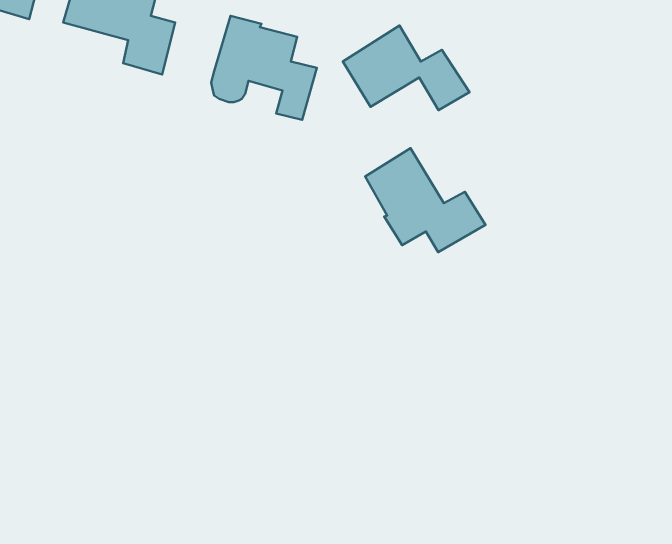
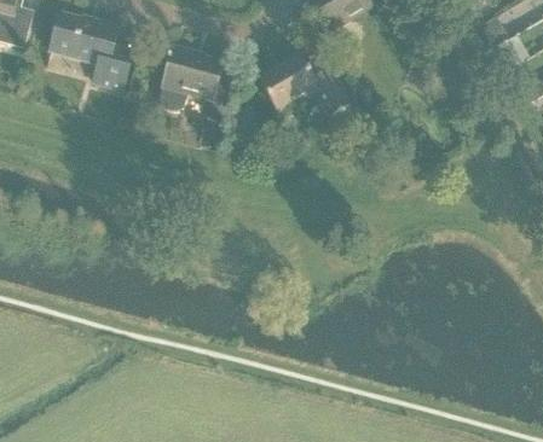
building: [365,148,486,252] -> none

